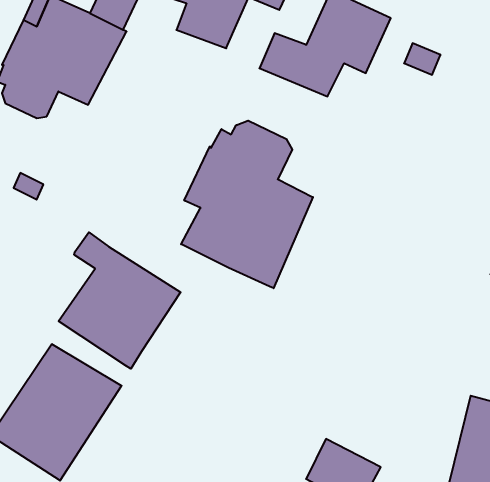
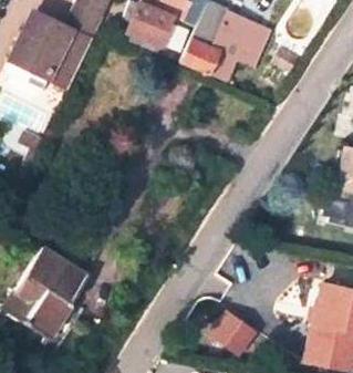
building: [181,121,313,288] -> none
building: [59,232,181,369] -> none

